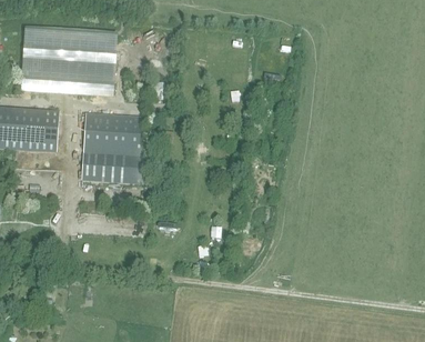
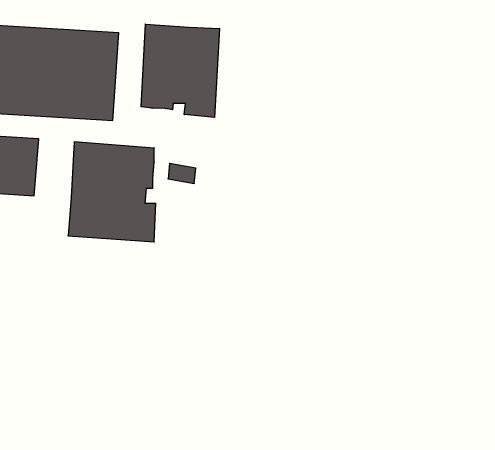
building: none -> [141,24,219,117]

